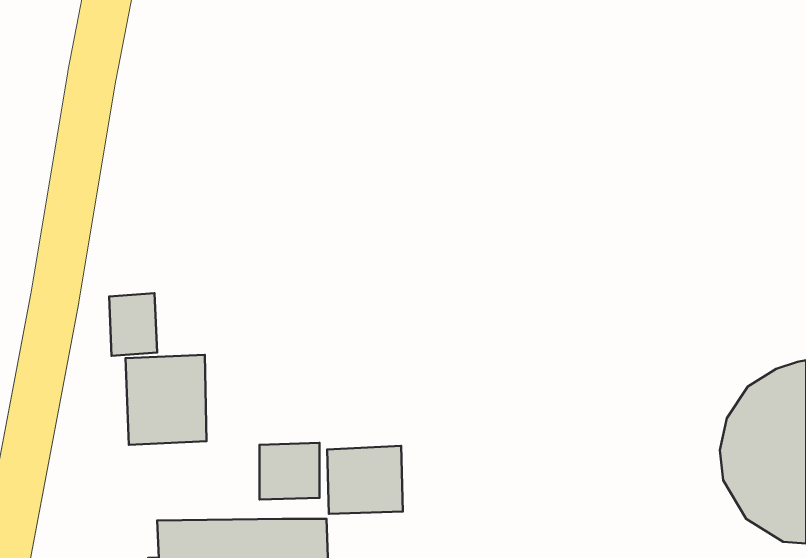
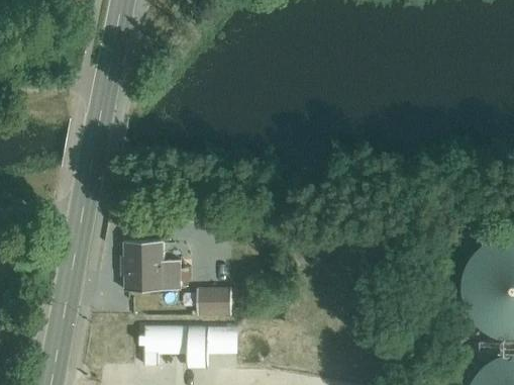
building: [109,293,157,356] -> none
building: [327,446,403,514] -> none

